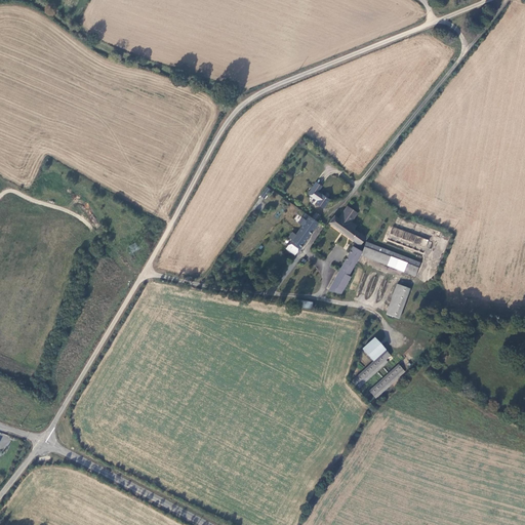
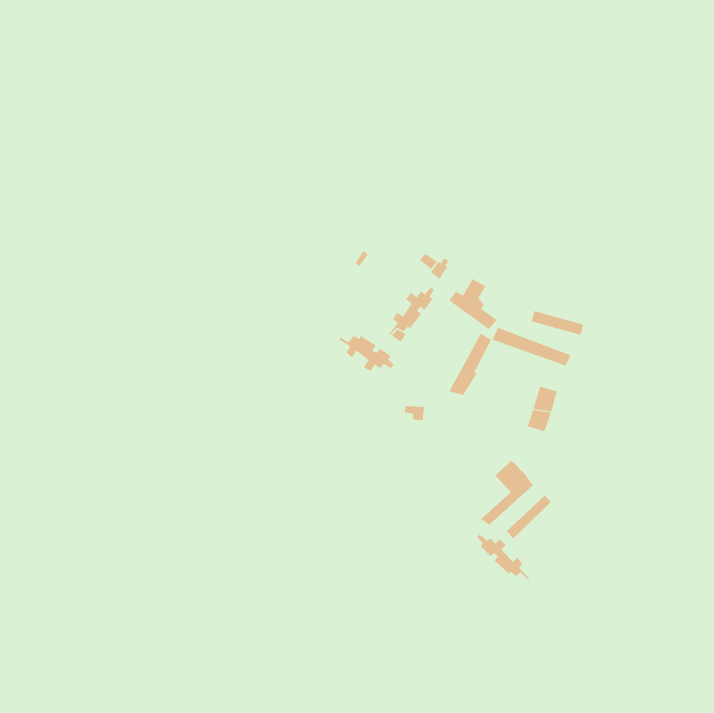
building: none -> [338,332,395,372]
building: none -> [477,534,530,580]

